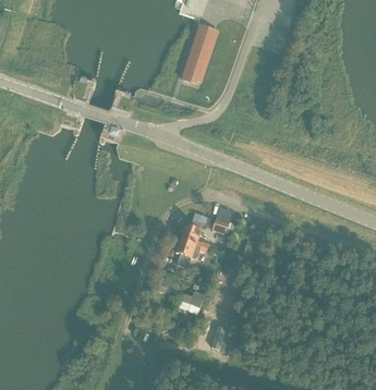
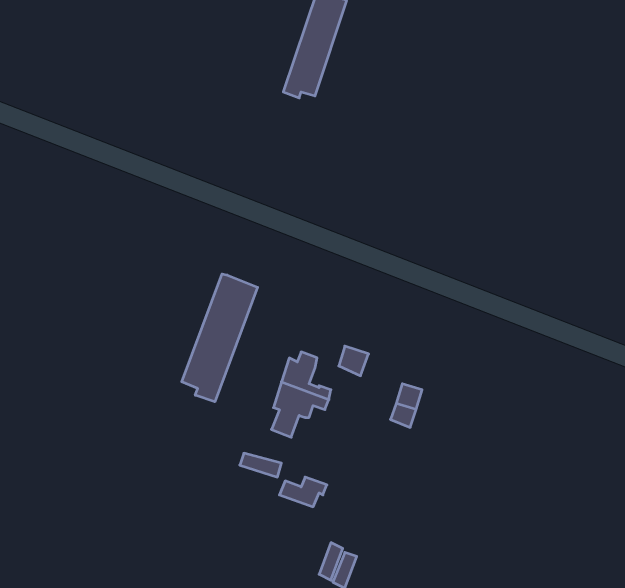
building: none -> [182,274,258,402]

